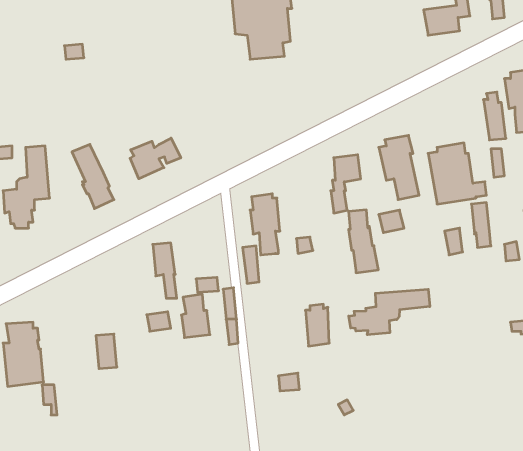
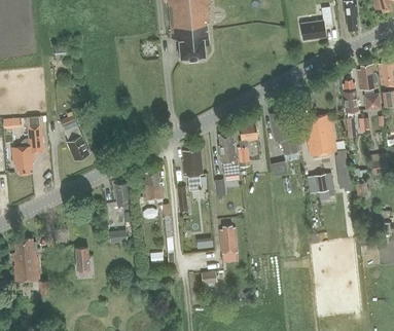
building: [130,138,181,179] -> none
building: [349,210,378,273] -> [219,134,240,177]
building: [349,289,430,335] -> none
building: [181,294,210,338] -> [144,172,164,201]

